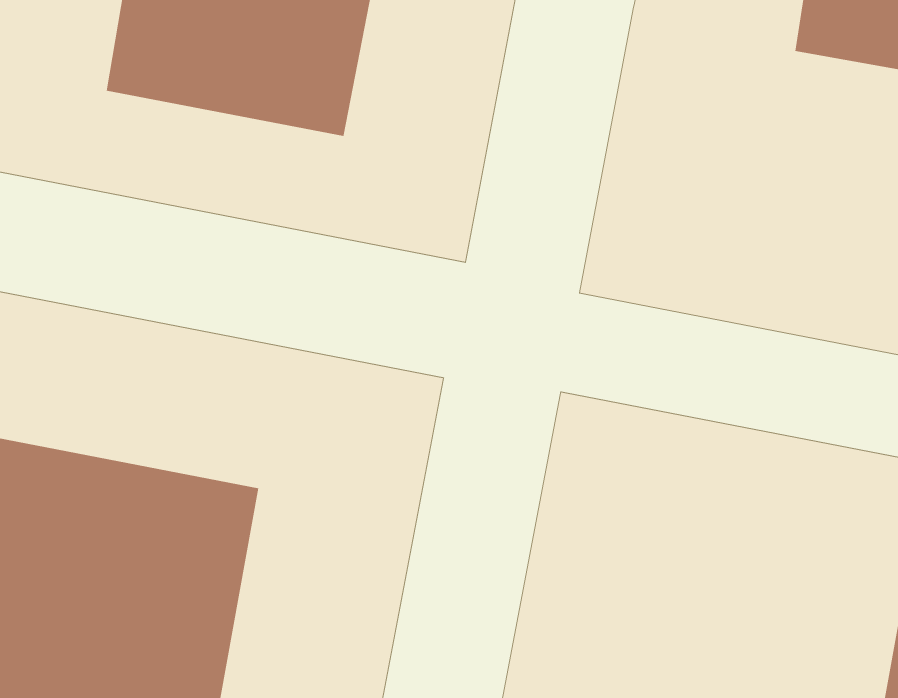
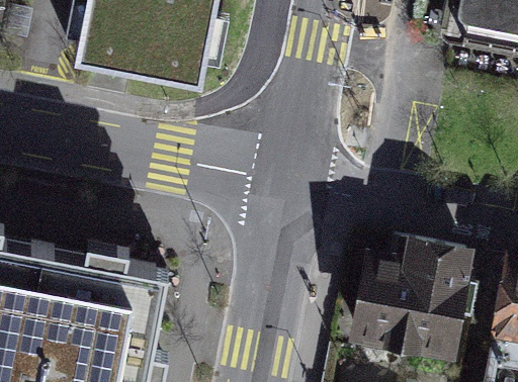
building: none -> [359,237,469,349]

